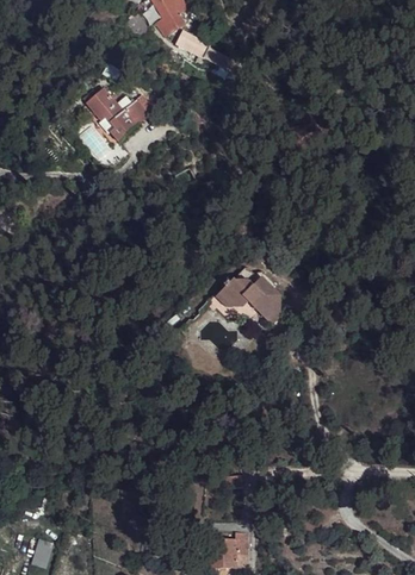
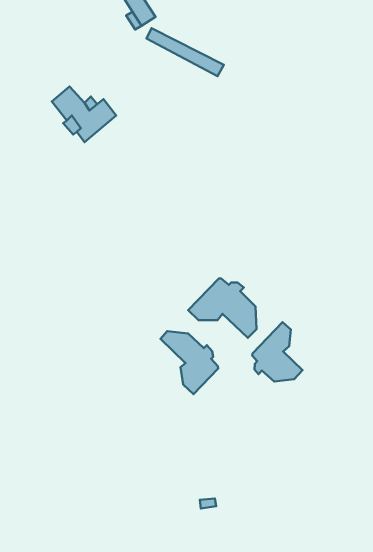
building: none -> [252,322,303,381]
building: none -> [160,331,218,394]

